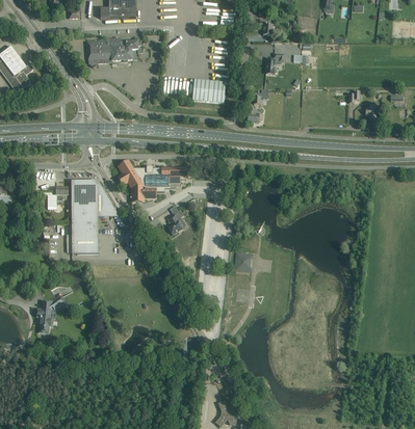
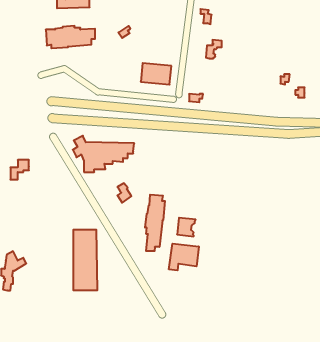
building: [71,186,98,253] -> [73,230,97,290]
building: none -> [145,195,165,251]
building: none -> [169,244,199,270]

